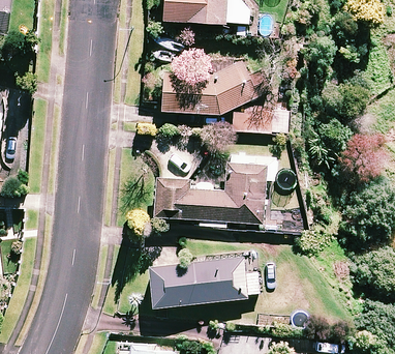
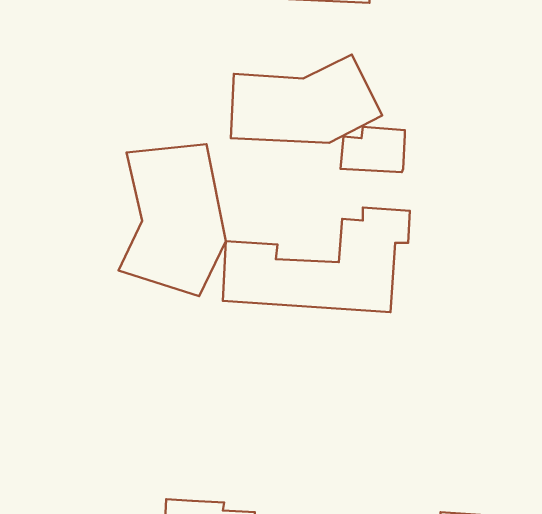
building: none -> [119,144,226,296]
building: [150,257,260,306] -> none

